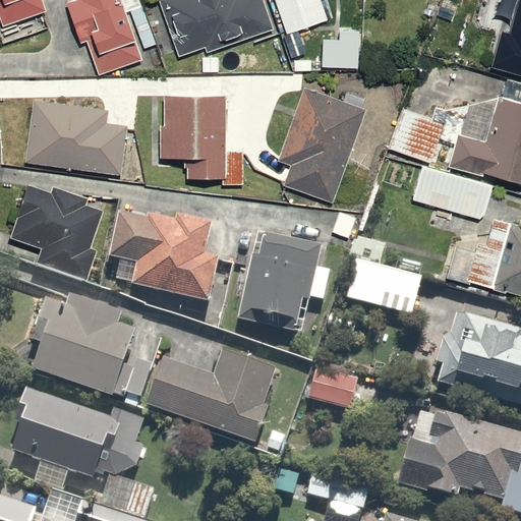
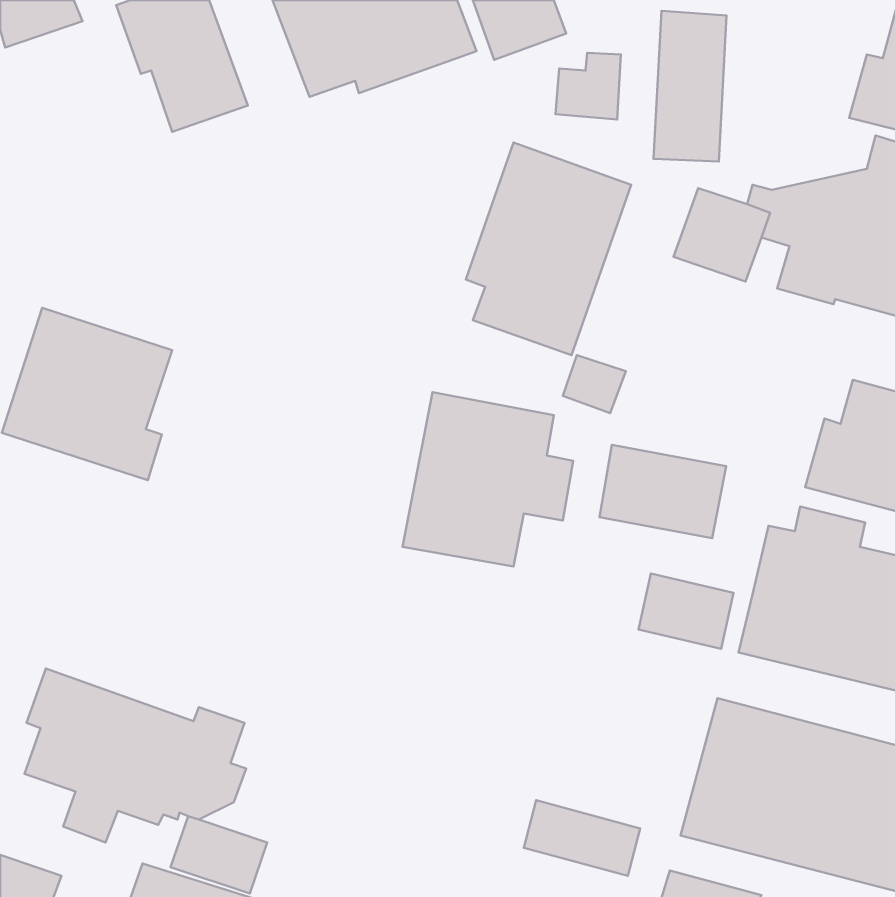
building: none -> [654,11,727,161]
building: [158,89,241,180] -> none
building: [24,100,129,172] -> none
building: [415,167,496,221] -> none
building: [109,204,222,299] -> none
building: [25,280,147,394] -> none
building: [138,343,281,442] -> none
building: [305,361,360,405] -> [639,573,734,649]

